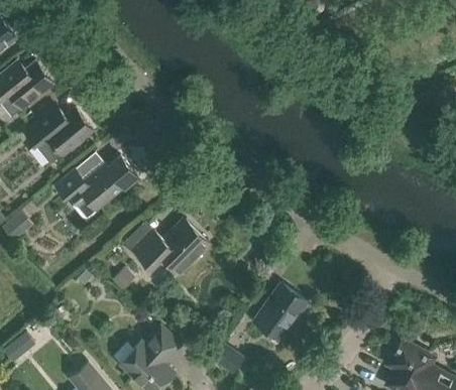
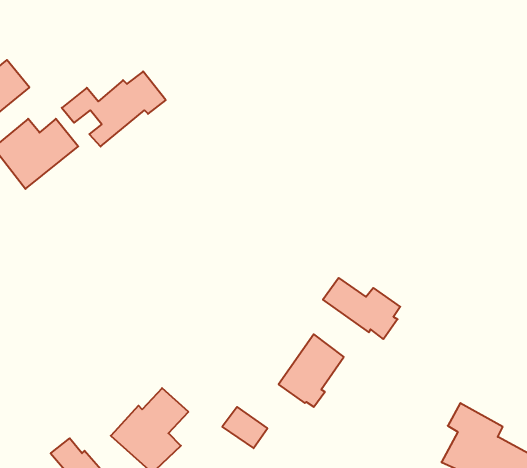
building: [54,155,138,216] -> [62,71,166,147]
building: [134,218,209,271] -> none
building: none -> [323,278,400,339]

